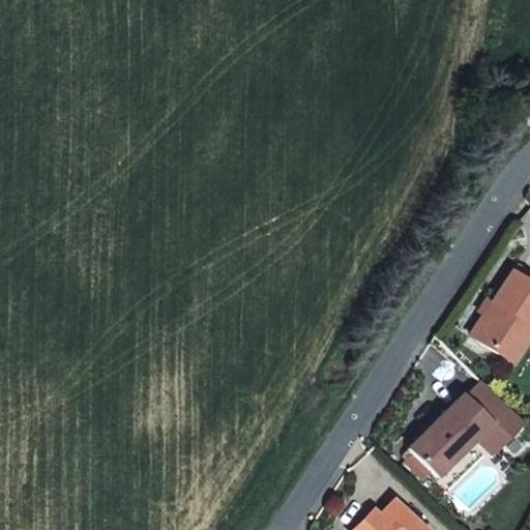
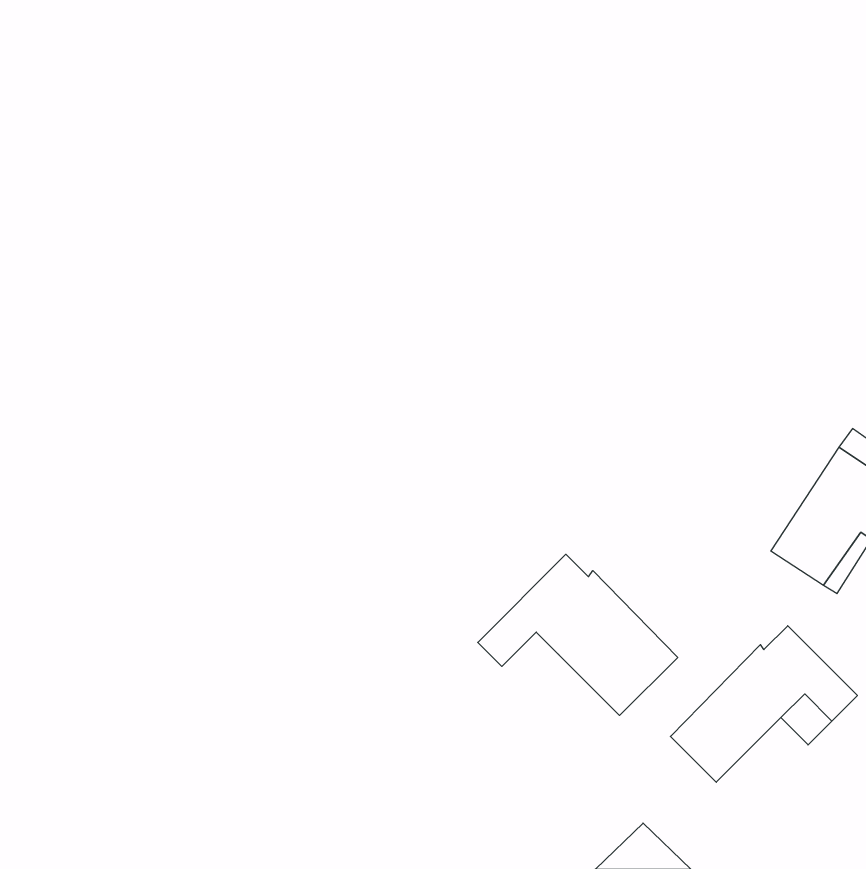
building: none -> [478,554,678,715]

